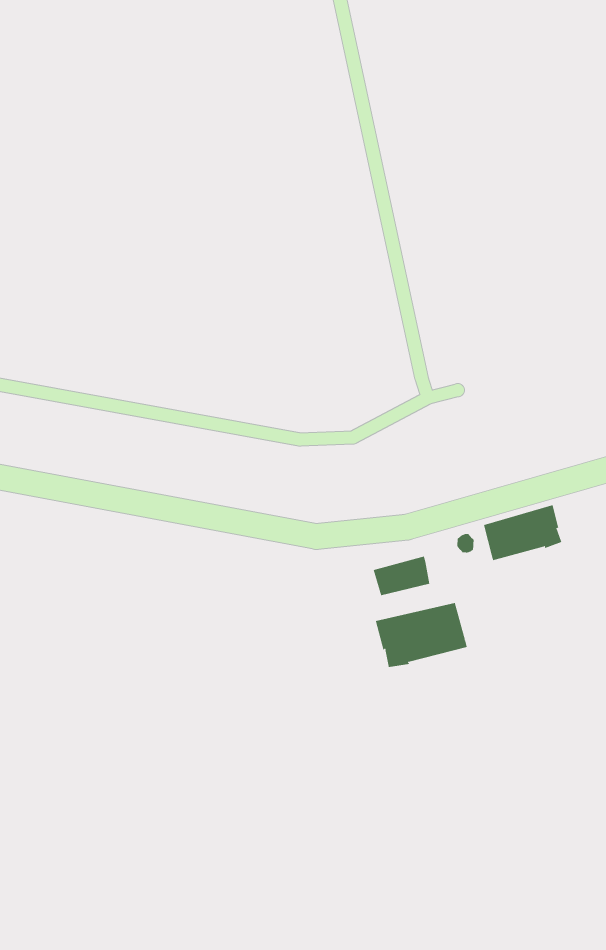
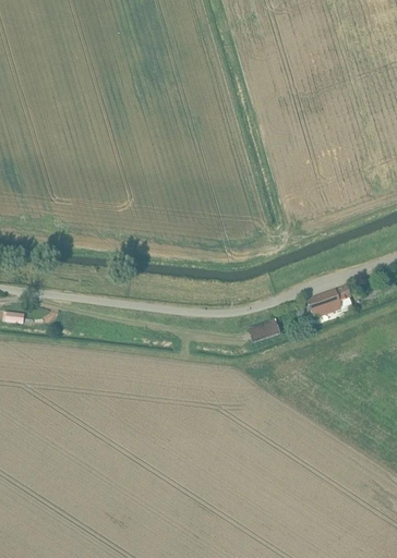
building: [375,602,467,668] -> none

